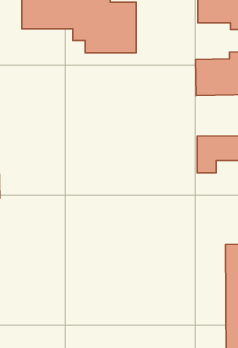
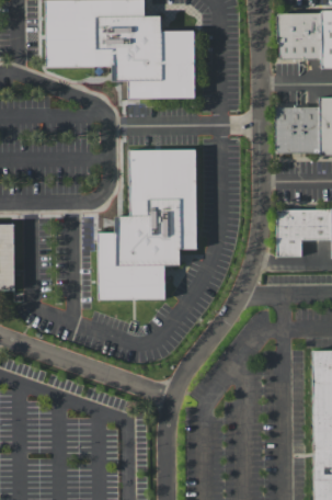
building: none -> [98,149,197,299]

